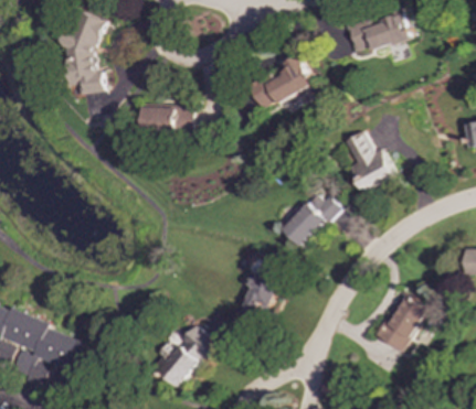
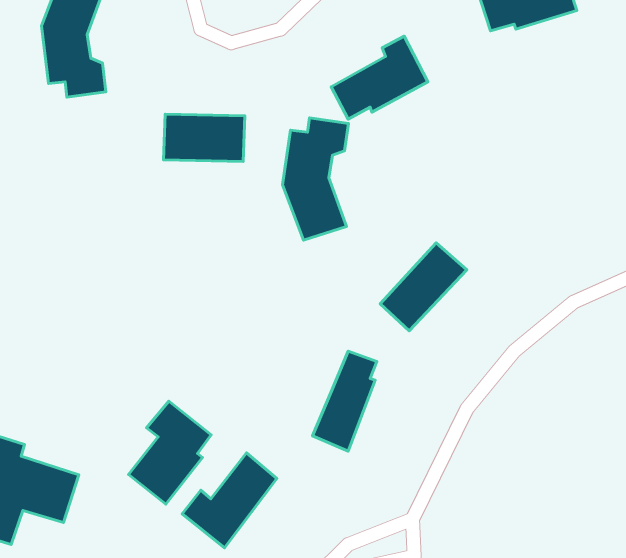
building: none -> [283,118,349,240]
building: [343,130,394,191] -> none
building: [373,291,427,352] -> none
building: none -> [128,401,211,504]

